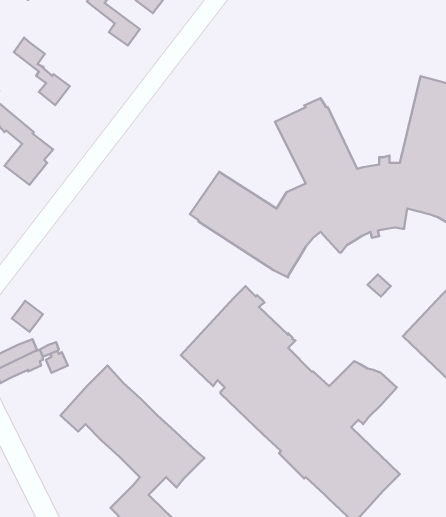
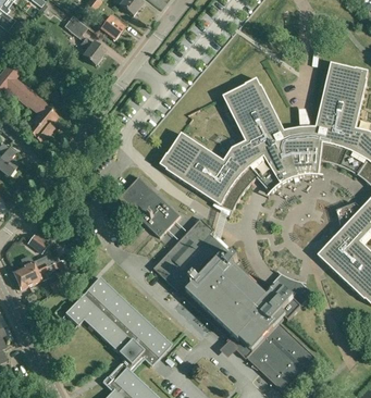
building: [14,38,70,105] -> [64,15,106,65]
building: none -> [119,176,182,238]

